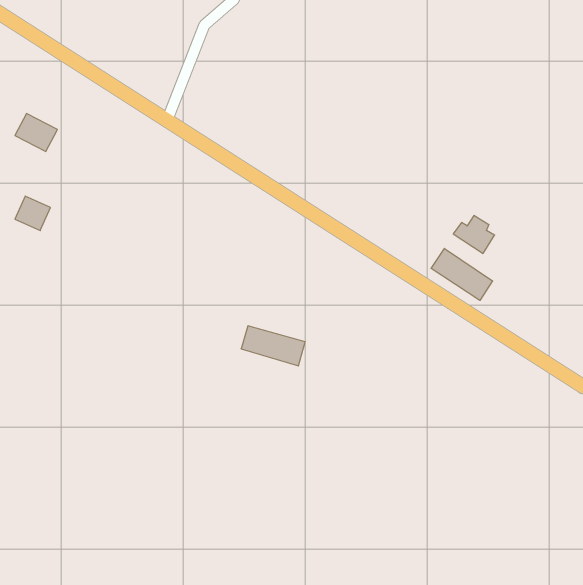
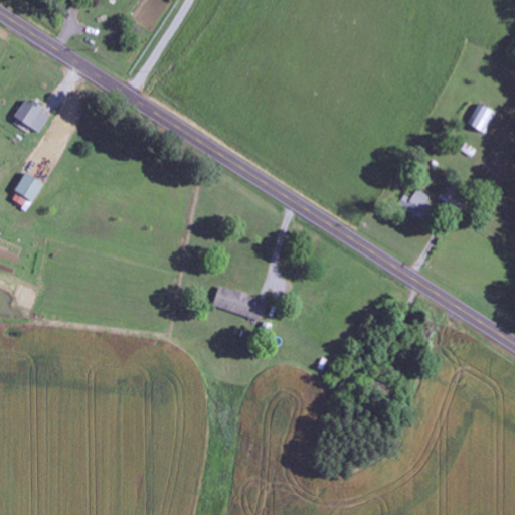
building: none -> [468,103,495,132]
building: [431,248,493,300] -> none

